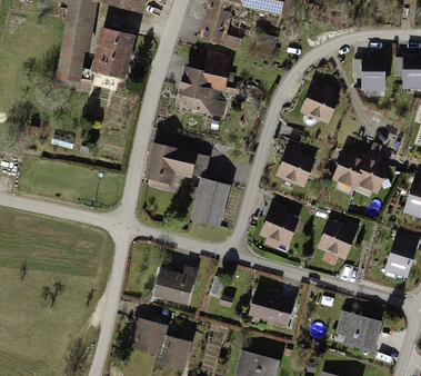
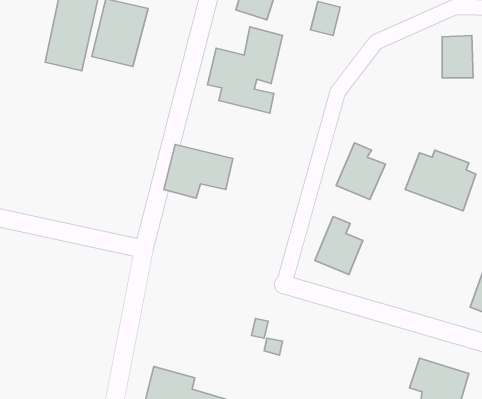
building: [298,81,340,125] -> none
building: [193,175,234,224] -> none
building: [317,218,362,261] -> none
building: [150,266,194,306] -> none
building: [245,289,294,326] -> none

